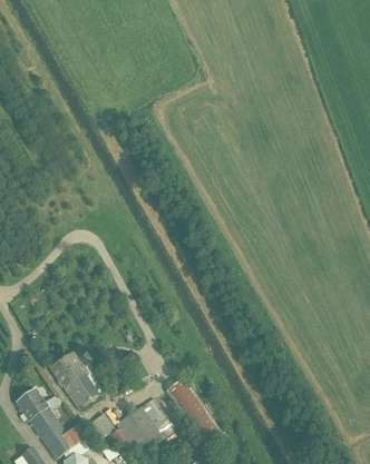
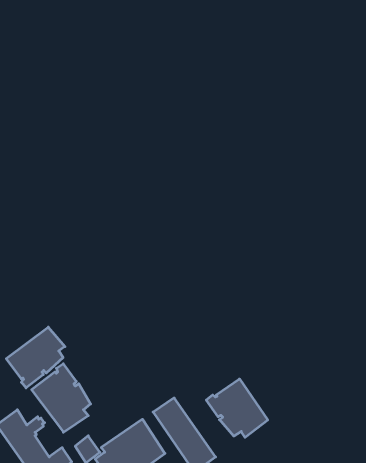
building: none -> [6,327,65,388]
building: none -> [206,379,268,437]

